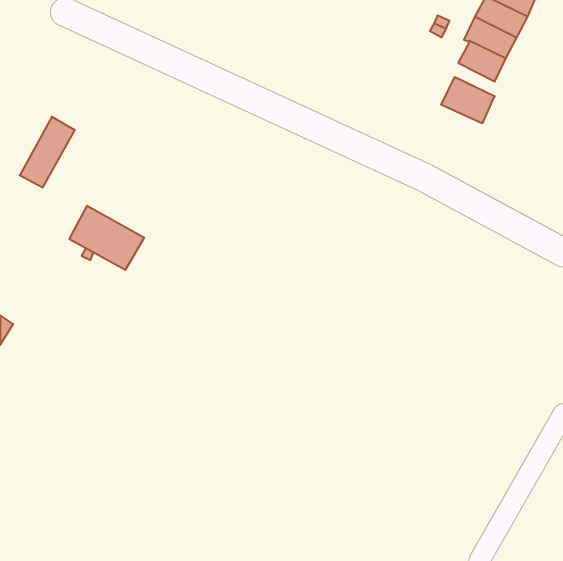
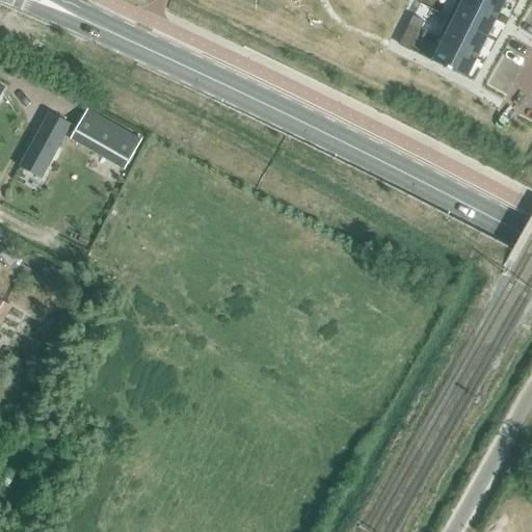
building: [441,77,495,123] -> none
building: [69,206,144,270] -> [72,107,142,167]

